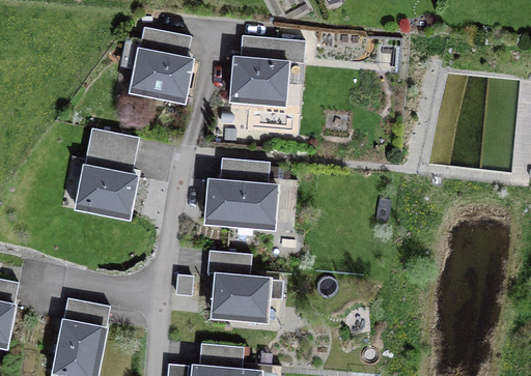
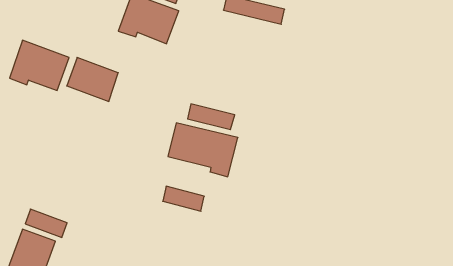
building: [231,58,288,106] -> none
building: [77,166,137,213] -> [10,40,69,90]
building: [213,273,270,321] -> none

